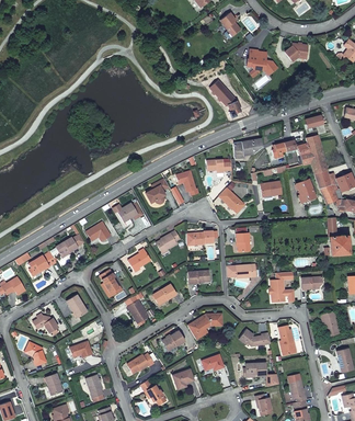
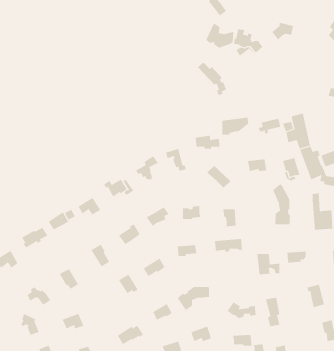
building: none -> [205,22,234,49]
building: none -> [272,183,291,225]

